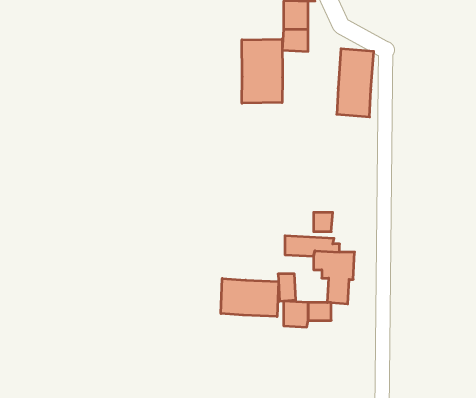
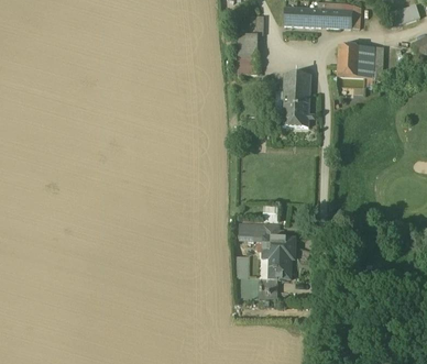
building: none -> [338,45,375,78]
building: [242,39,282,103] -> none
building: [221,278,278,317] -> none

